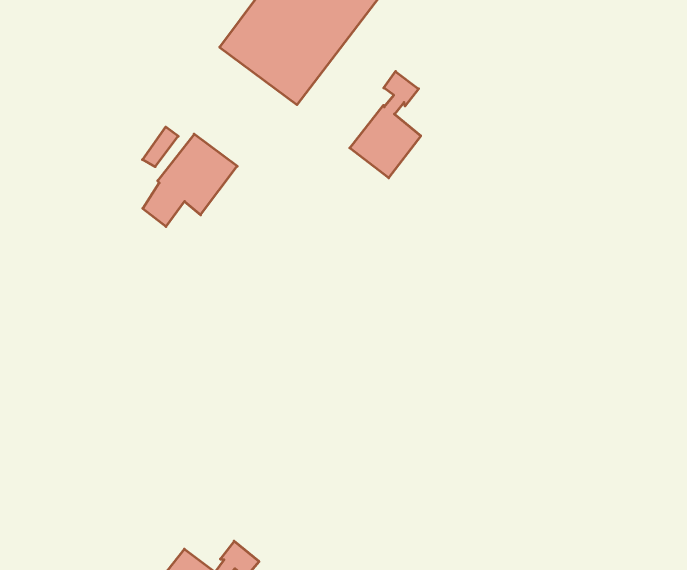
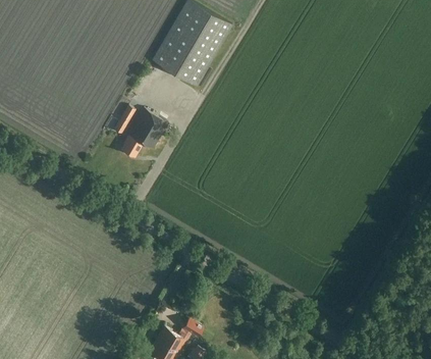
building: [350,71,421,178] -> none

